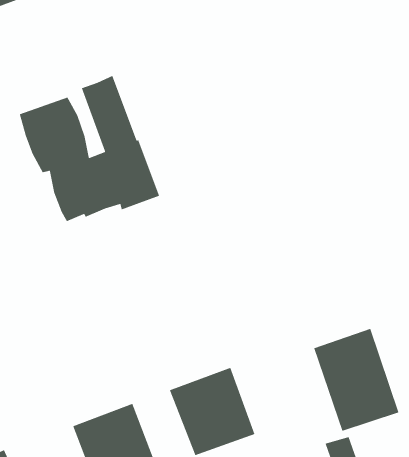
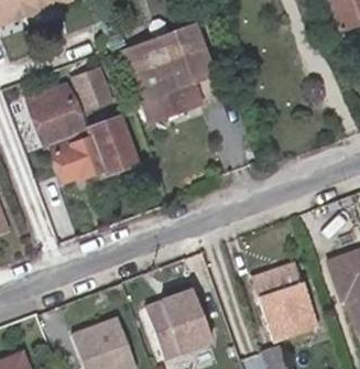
building: none -> [123,24,211,121]

